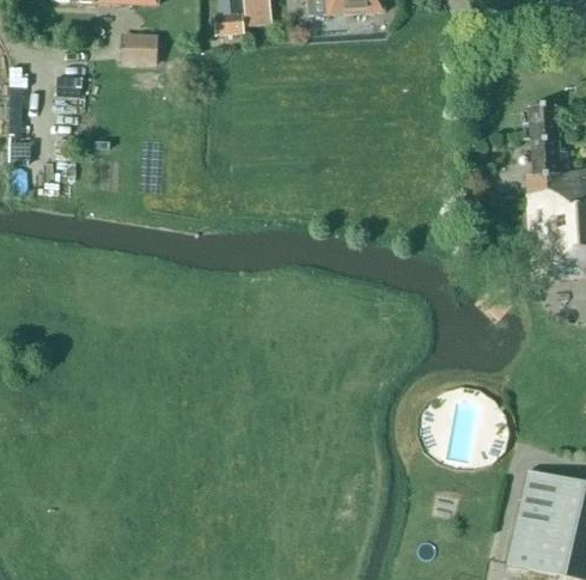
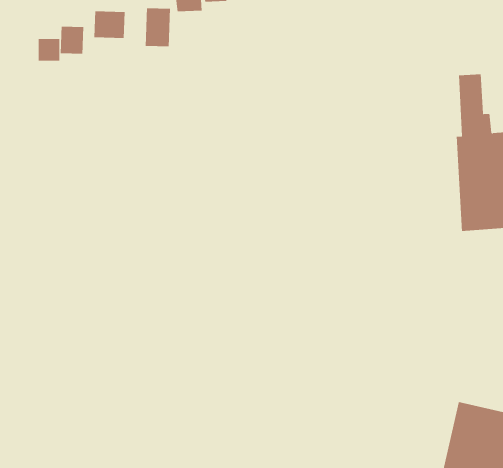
building: none -> [145,7,171,47]
building: none -> [60,26,84,54]

